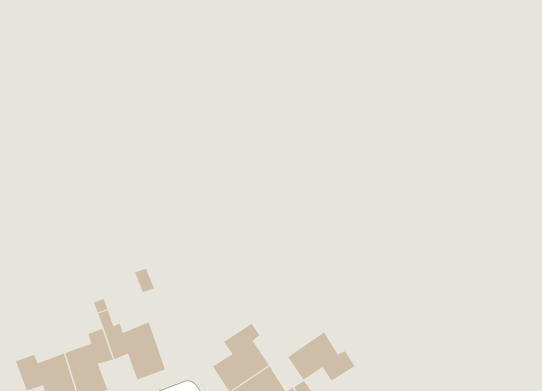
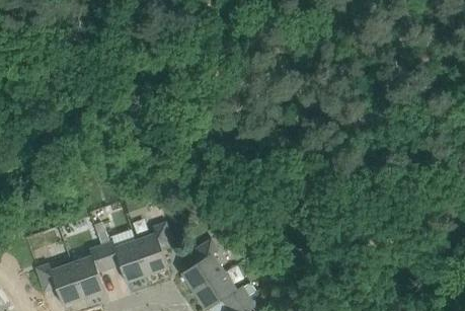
building: none -> [135,222,174,275]
building: [288,332,356,382] -> none

